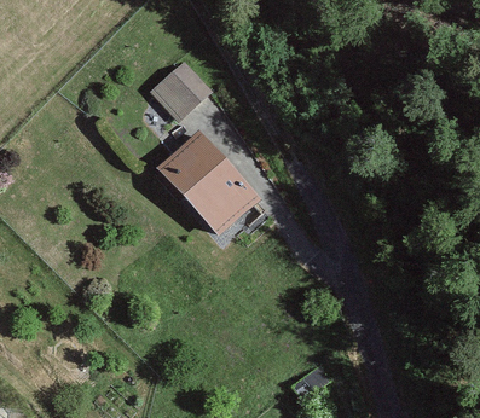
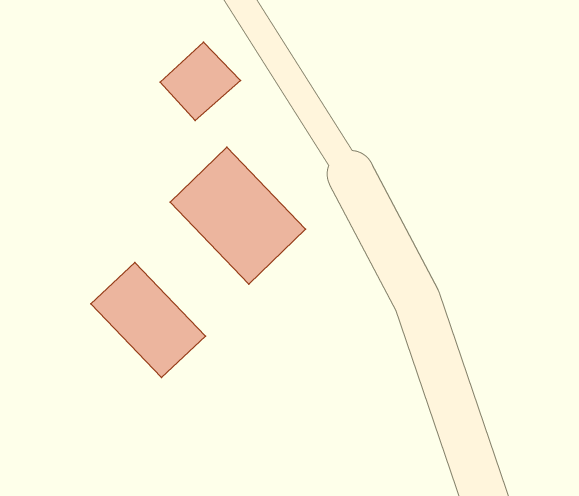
building: none -> [91,262,205,378]

